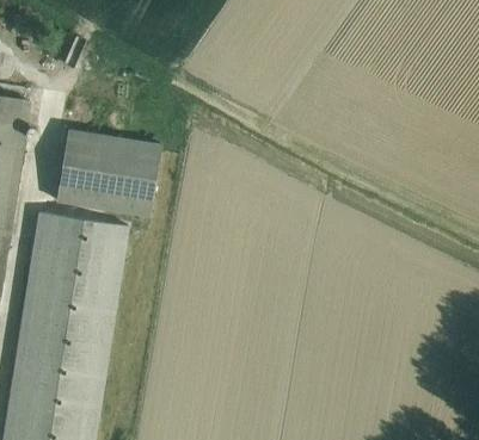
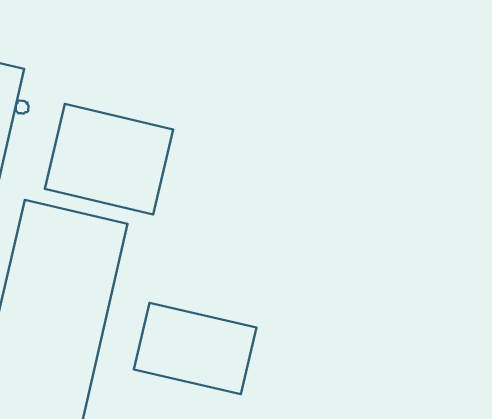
building: none -> [134,303,256,394]

